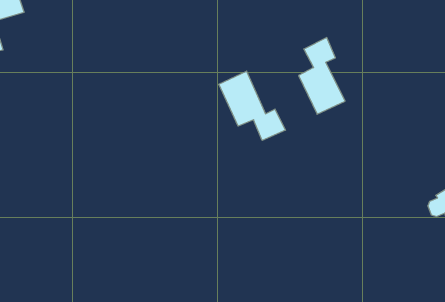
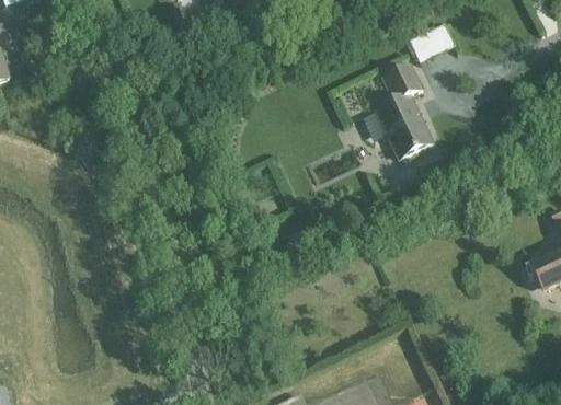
building: none -> [409,22,455,60]
building: [219,71,285,140] -> none

